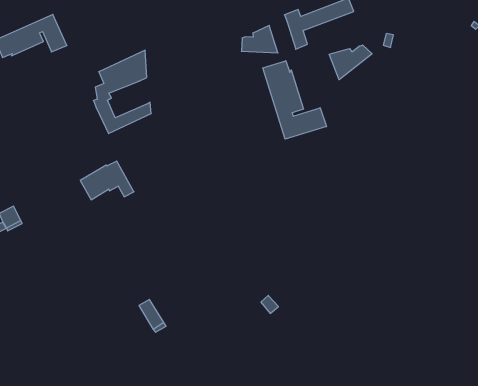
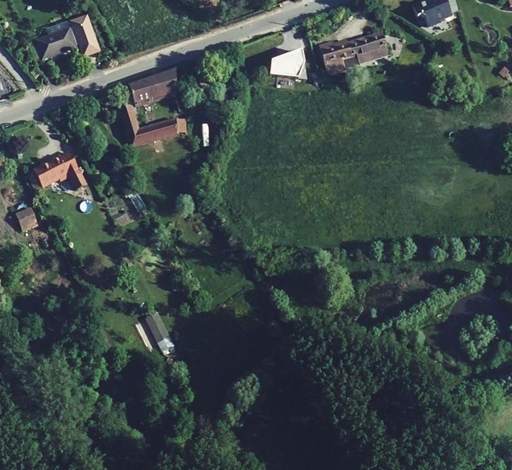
building: [329,45,372,80] -> none
building: [263,61,326,139] -> none
building: [80,161,134,200] -> [30,148,82,184]

